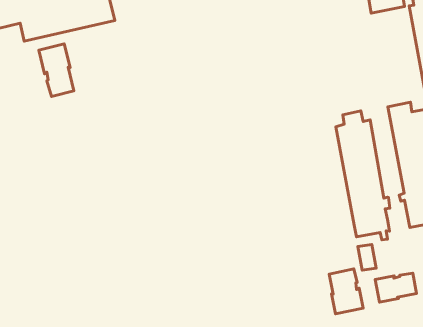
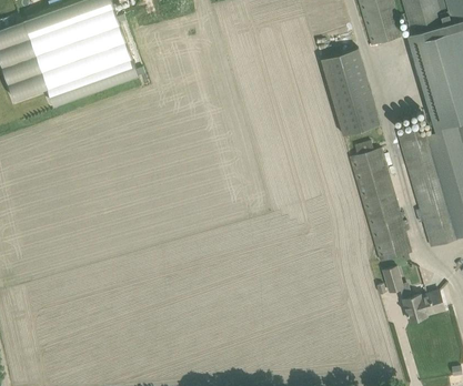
building: none -> [321,47,380,133]
building: [39,44,74,97] -> none
building: [329,269,363,314] -> none

